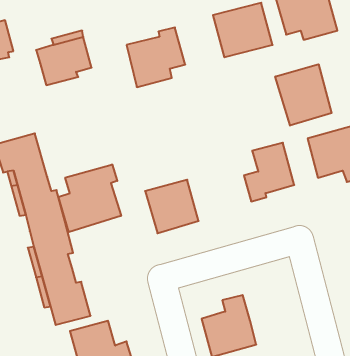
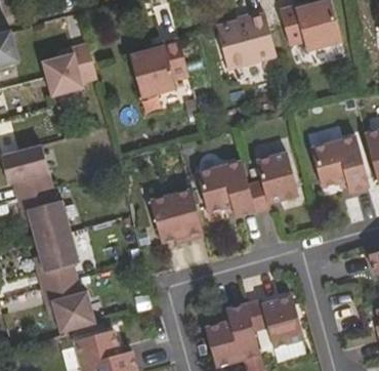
building: [275,64,332,126] -> none
building: none -> [198,161,255,216]
building: [58,164,121,232] -> none
building: none -> [247,296,303,346]

